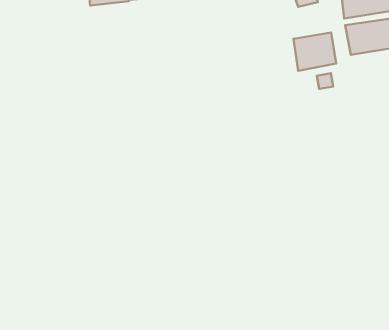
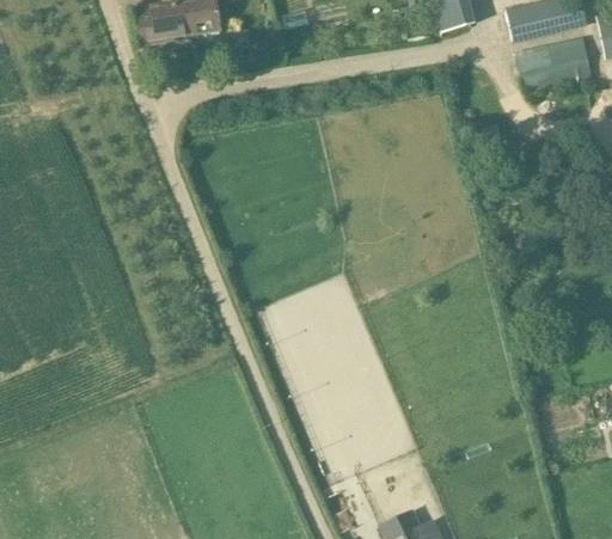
building: [293,32,336,71] -> none

